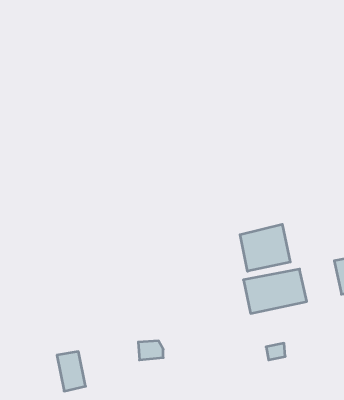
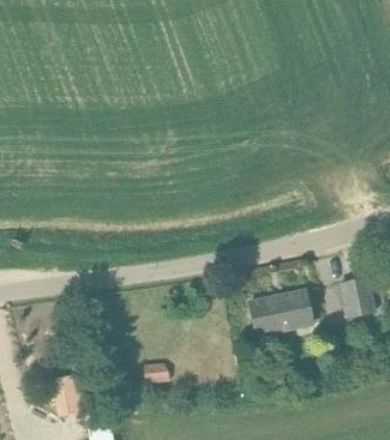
building: [240,224,290,271] -> none

